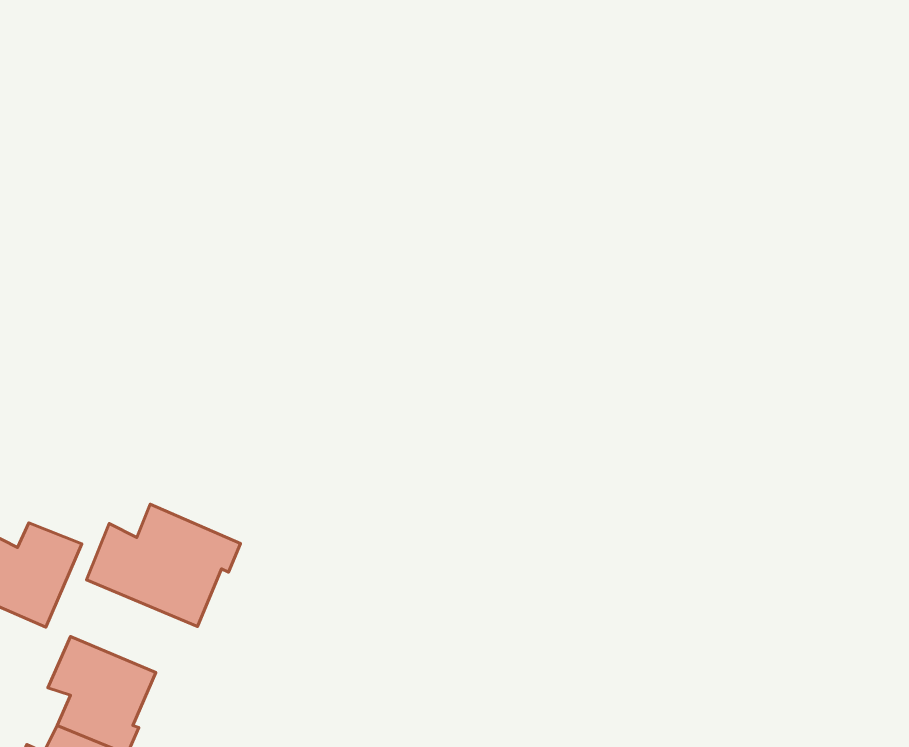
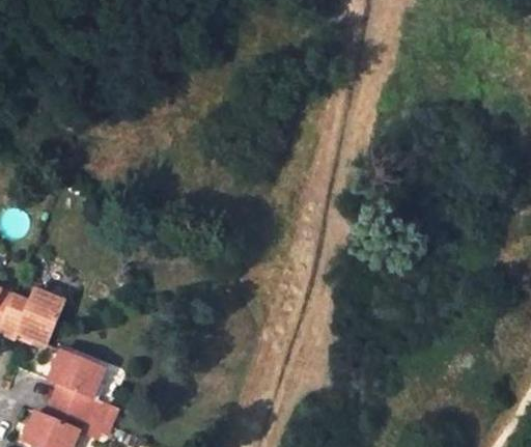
building: [87,504,240,627] -> none

